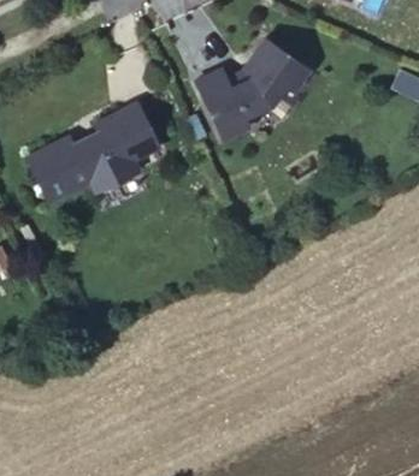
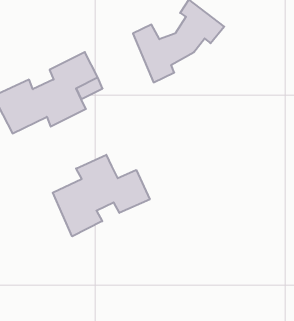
building: none -> [53,155,150,236]

